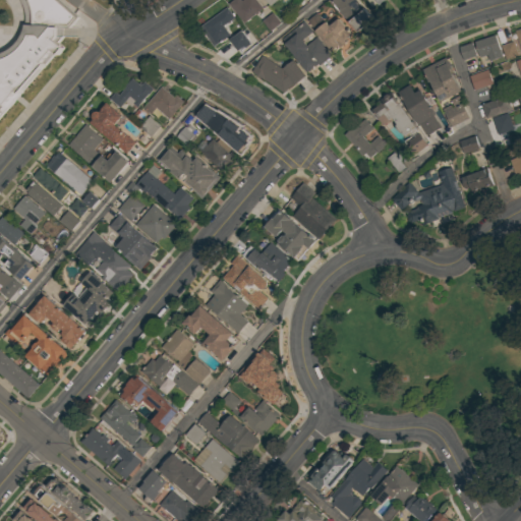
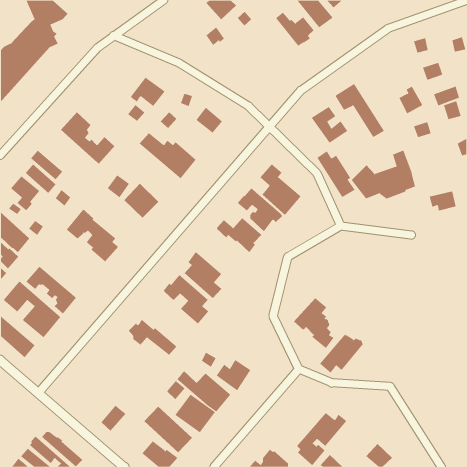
building: [198,7,234,47] -> none
building: [280,20,331,72] -> none
building: [477,36,502,59] -> none
building: [250,55,304,93] -> none
building: [426,58,461,101] -> none
building: [108,77,153,108] -> none
building: [397,83,441,136] -> [316,150,356,198]
building: [89,103,134,155] -> none
building: [202,135,238,170] -> none
building: [45,153,92,196] -> none
building: [462,169,493,191] -> [429,191,456,211]
building: [134,171,192,220] -> none
building: [108,215,157,270] -> none
building: [222,255,267,309] -> none
building: [62,272,112,328] -> none
building: [160,329,210,385] -> none
building: [236,347,282,404] -> [293,298,334,349]
building: [120,374,177,431] -> none
building: [99,400,150,457] -> none
building: [81,429,123,465] -> none
building: [304,450,354,494] -> [319,334,364,373]
building: [372,465,419,505] -> none
building: [138,470,166,502] -> none

